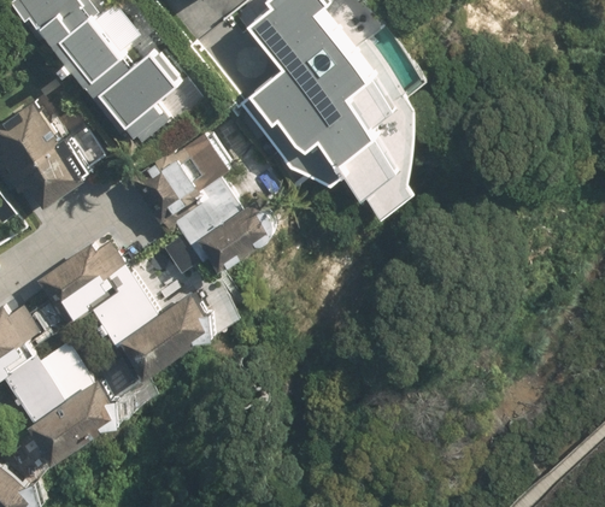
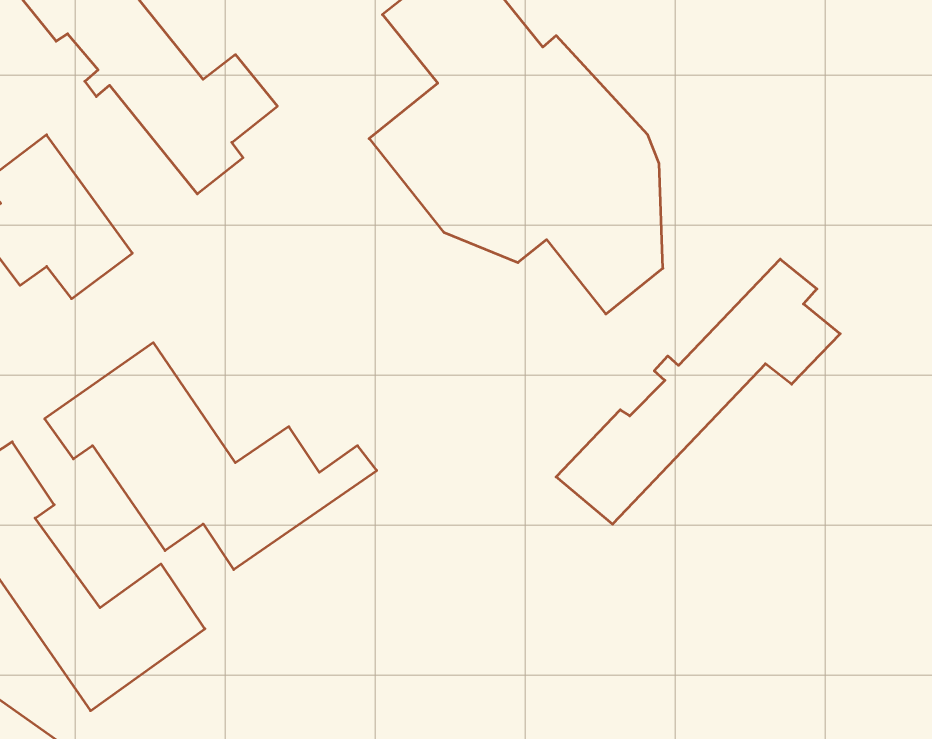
building: [136,142,275,277] -> none
building: none -> [556,259,840,524]

